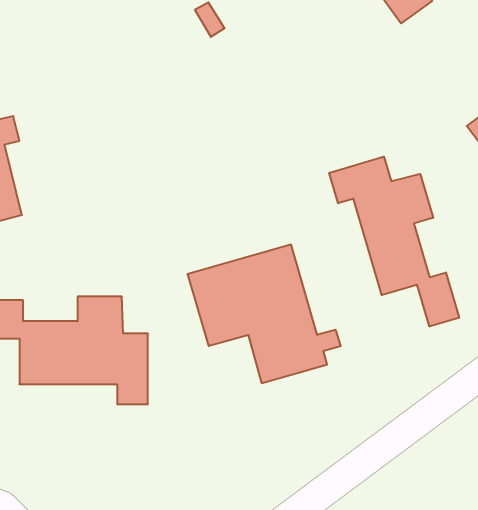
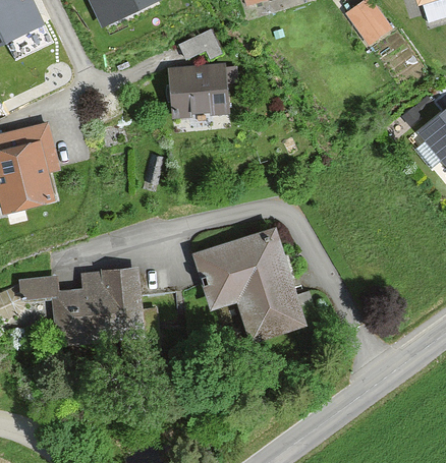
building: none -> [168,62,240,115]
building: [329,157,459,326] -> none

